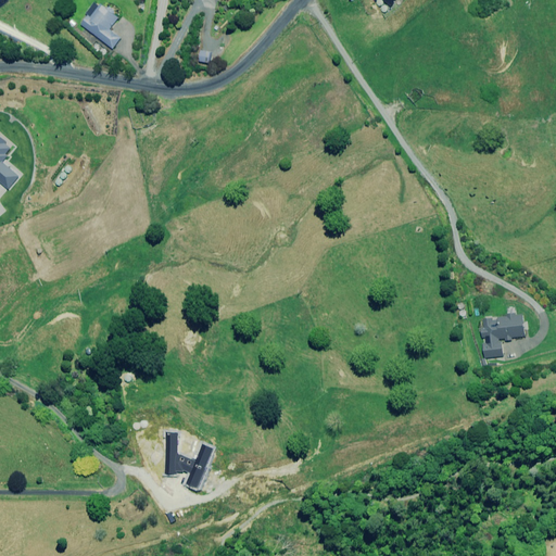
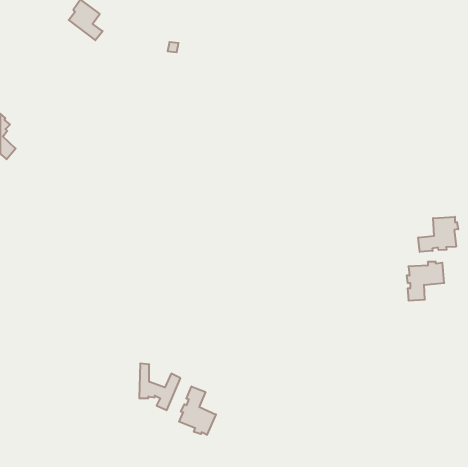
building: none -> [418,217,458,252]
building: none -> [179,386,216,435]

